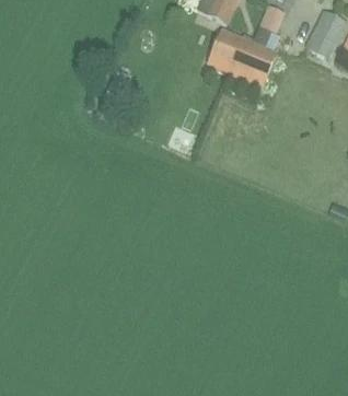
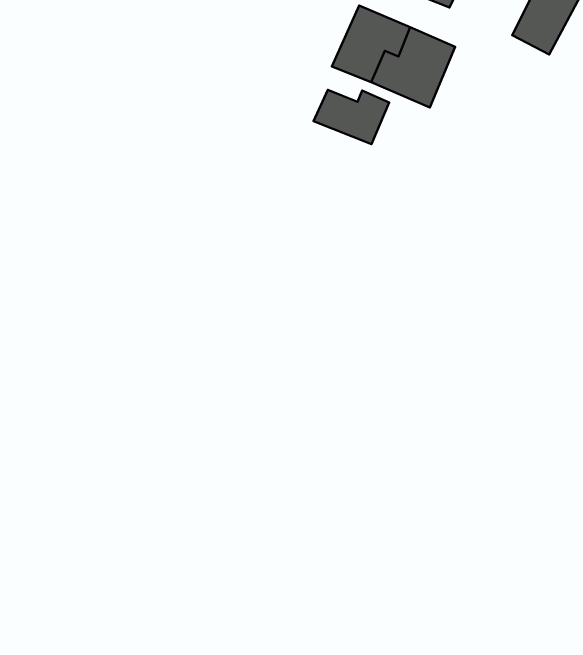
building: none -> [314,90,389,144]

